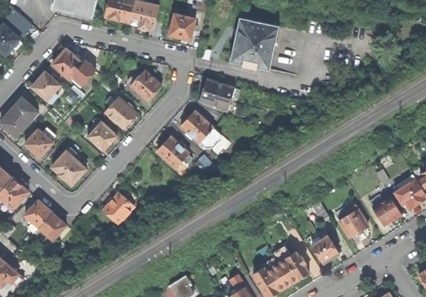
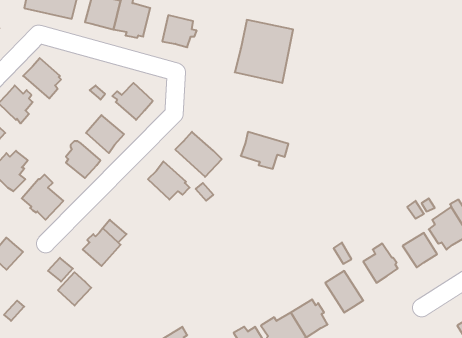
building: [200,79,240,110] -> [241,132,288,169]
building: [38,212,66,240] -> [58,272,91,306]

